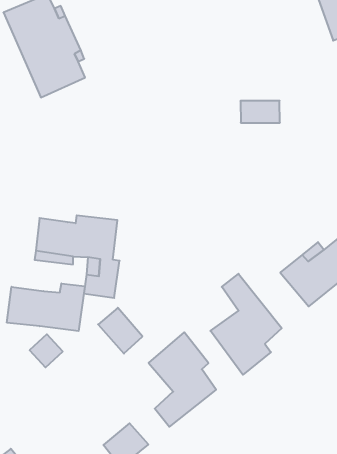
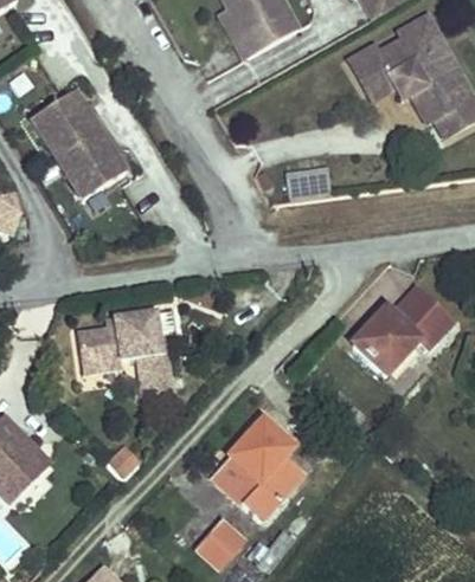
building: [210,274,282,375] -> none
building: [7,283,85,331] -> none
building: [98,308,142,354] -> [212,457,259,503]

